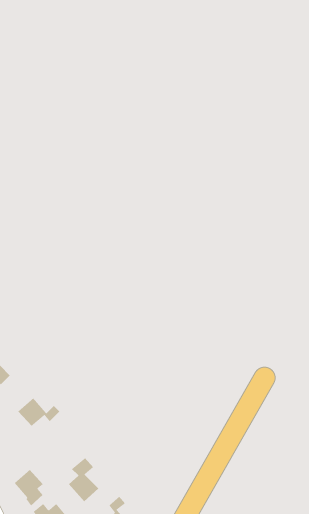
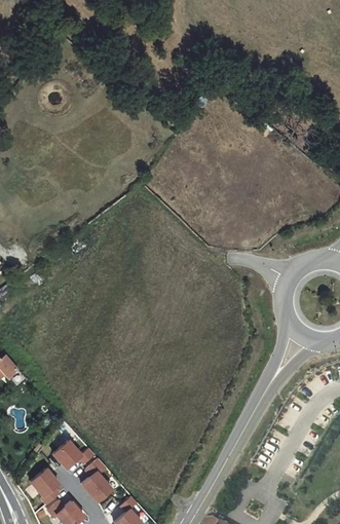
building: [18,398,60,426] -> [53,440,95,467]

